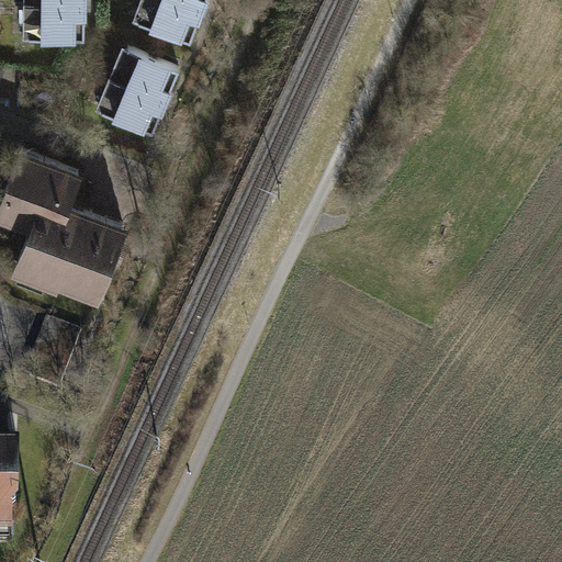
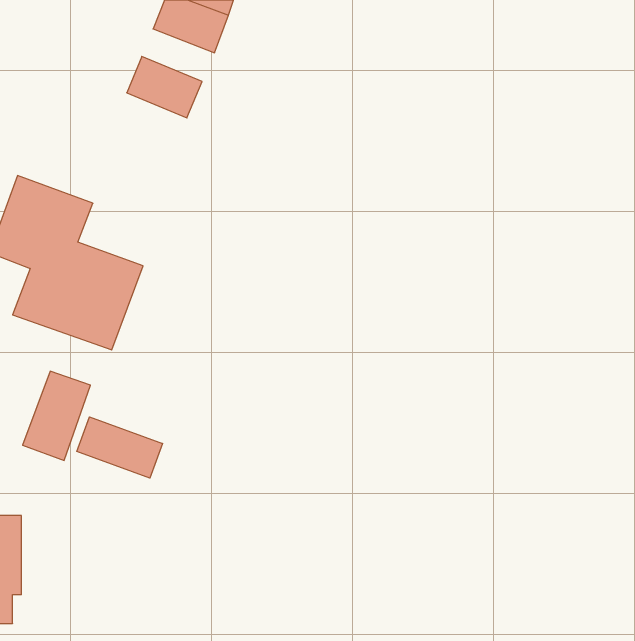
building: [24,5,81,41] -> none
building: [97,81,164,135] -> none
building: none -> [77,417,163,478]

